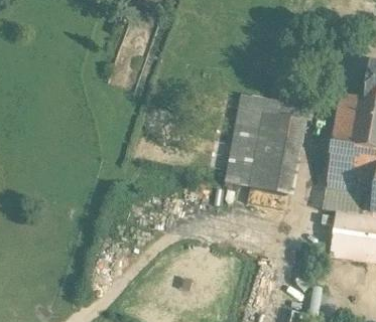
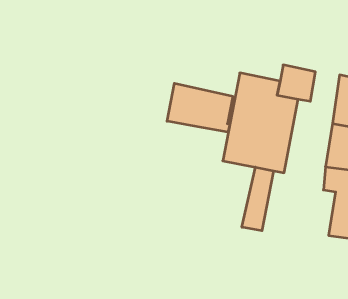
building: none -> [167,83,233,132]
building: none -> [242,167,274,231]

